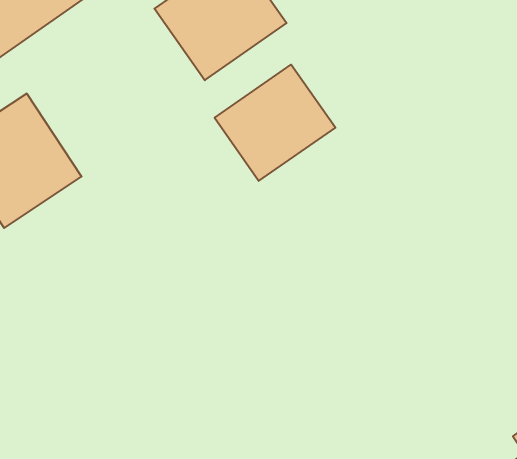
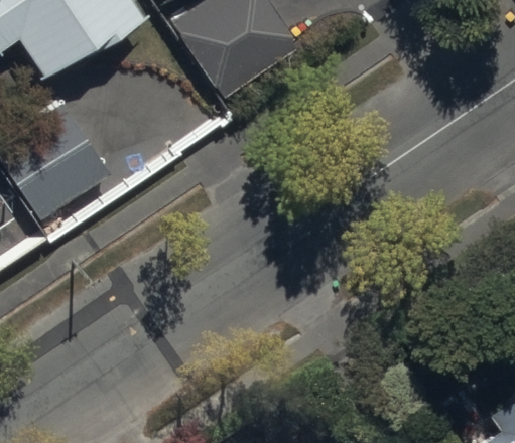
building: [215,65,335,181] -> none

